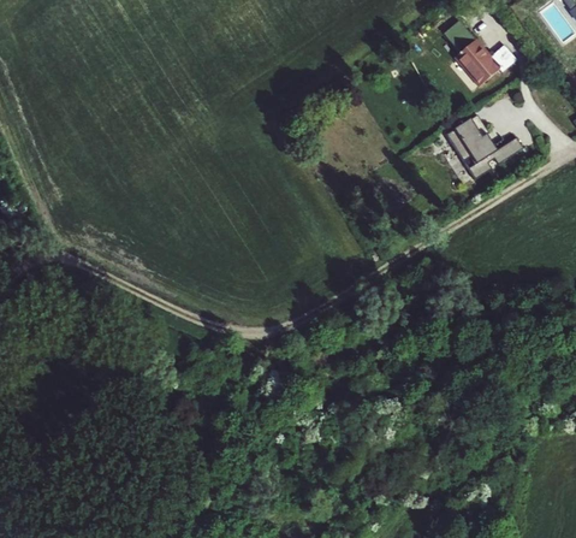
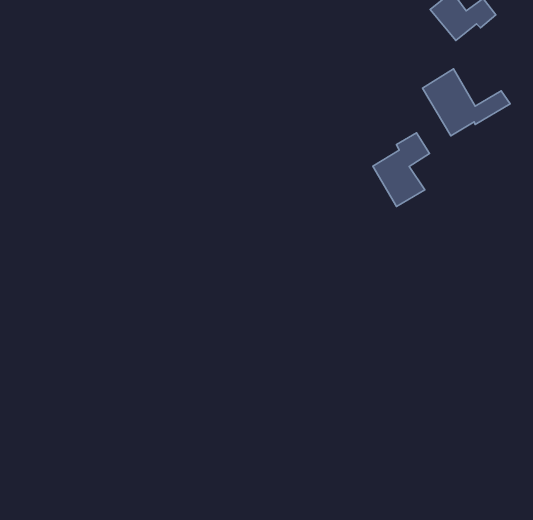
building: none -> [373,133,430,206]

